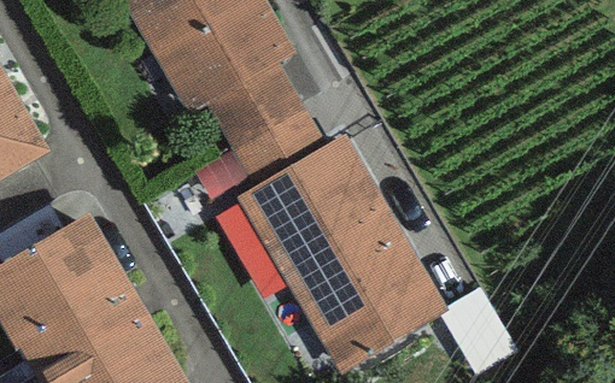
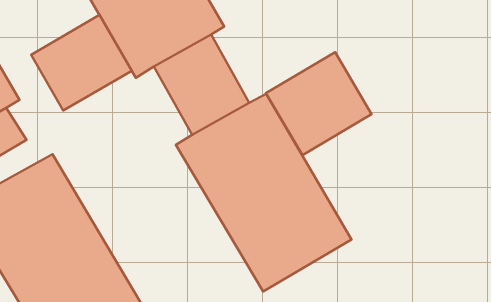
building: none -> [31,15,132,111]
building: none -> [266,52,372,155]

